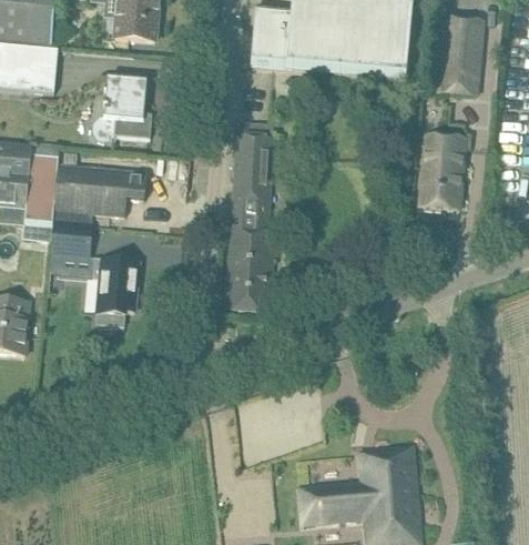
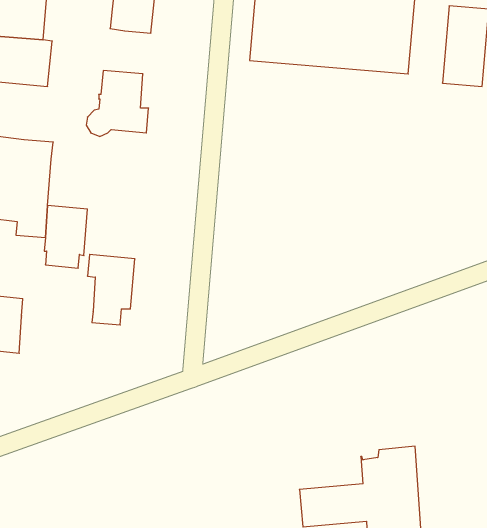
building: [225,120,276,311] -> none
building: [419,131,466,219] -> none
building: [53,163,146,214] -> none

